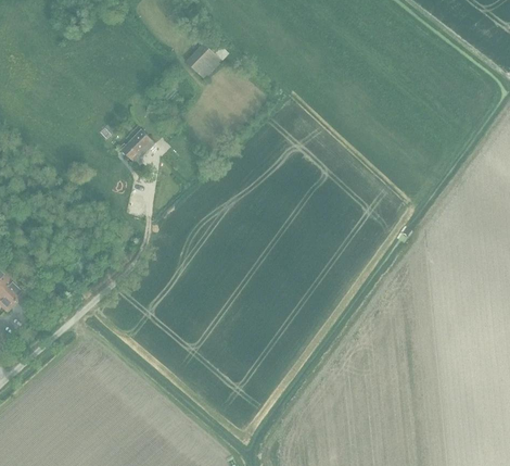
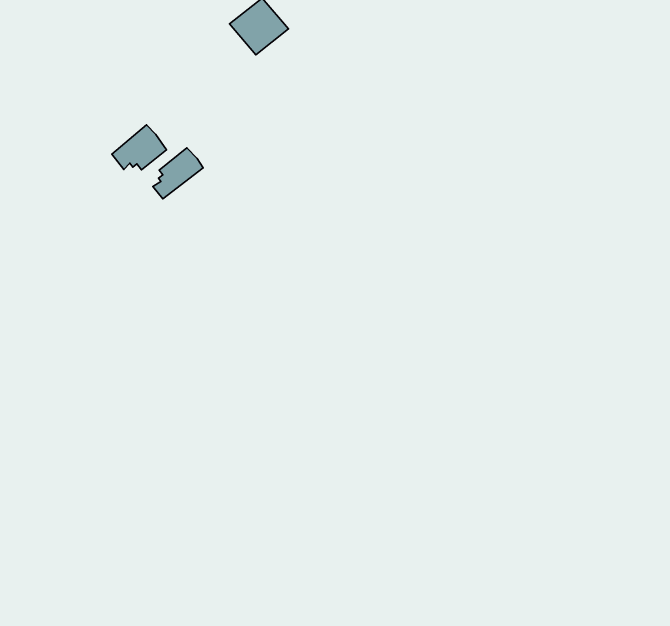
building: none -> [153,148,203,199]

